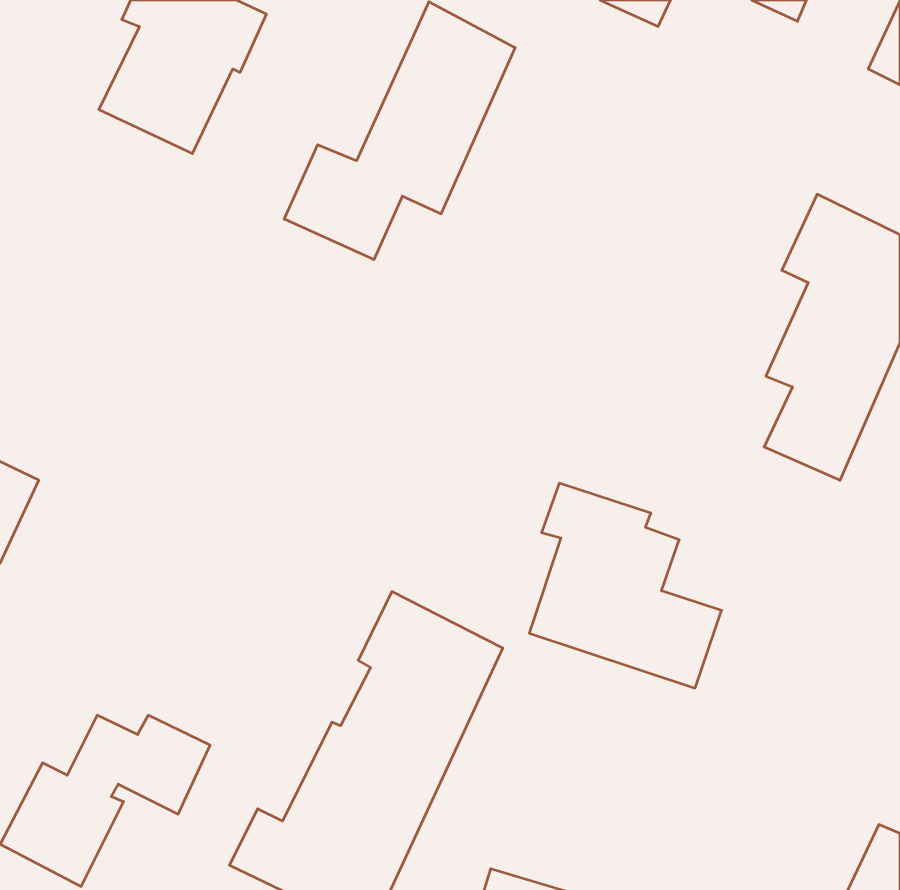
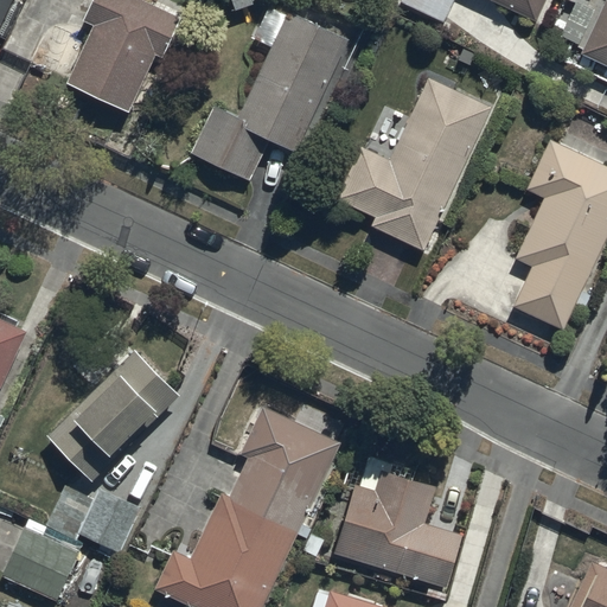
building: none -> [337,77,490,251]
building: [529,483,722,688] -> [334,451,464,588]
building: none -> [49,351,178,479]

